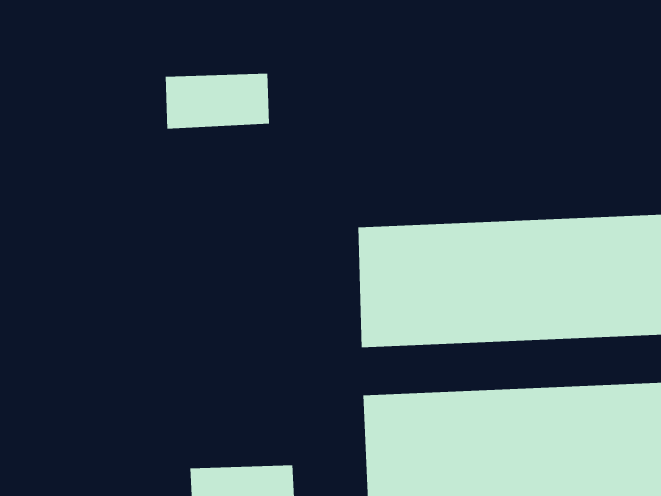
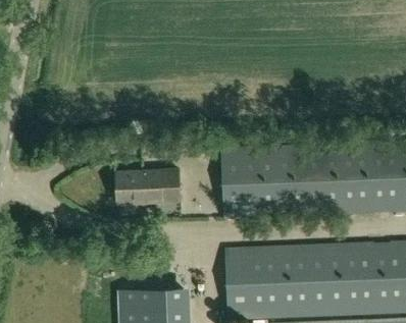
building: [165,73,270,129] -> [117,171,181,205]

